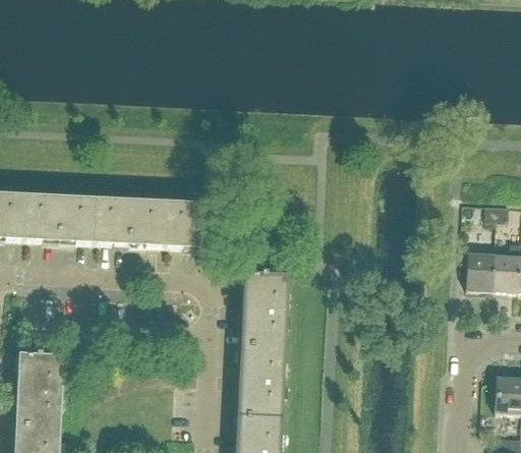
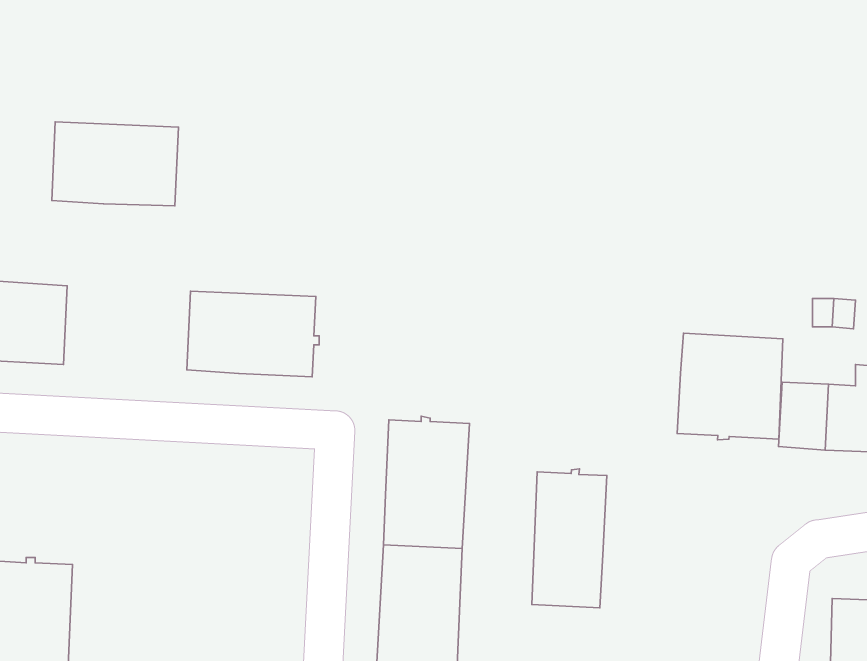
building: [60,196,132,244] -> [52,122,179,206]
building: none -> [677,333,783,440]
building: none -> [532,469,607,608]

